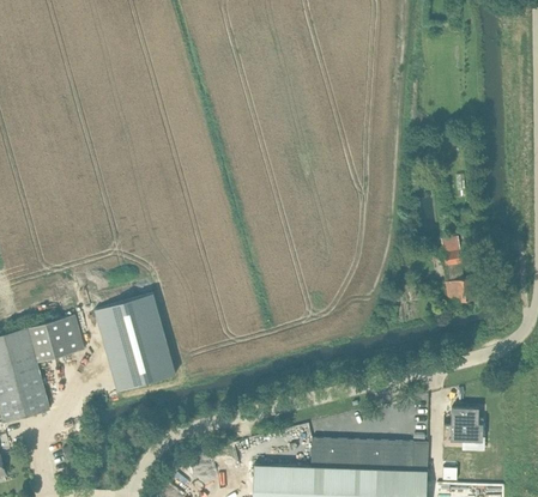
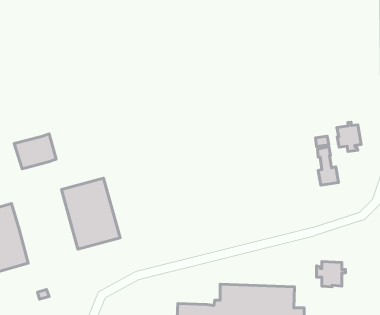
building: none -> [337,122,361,151]
building: [26,315,84,363] -> [14,134,56,169]

